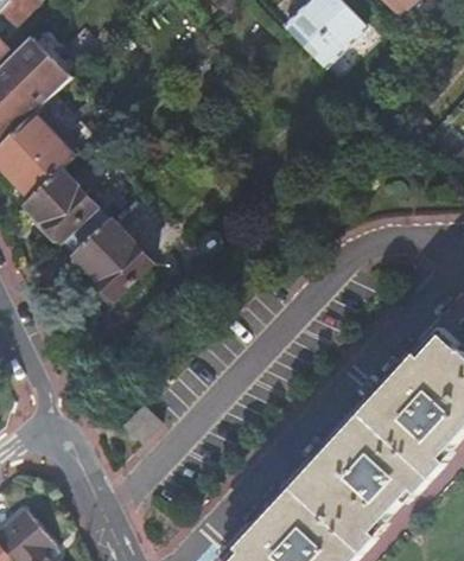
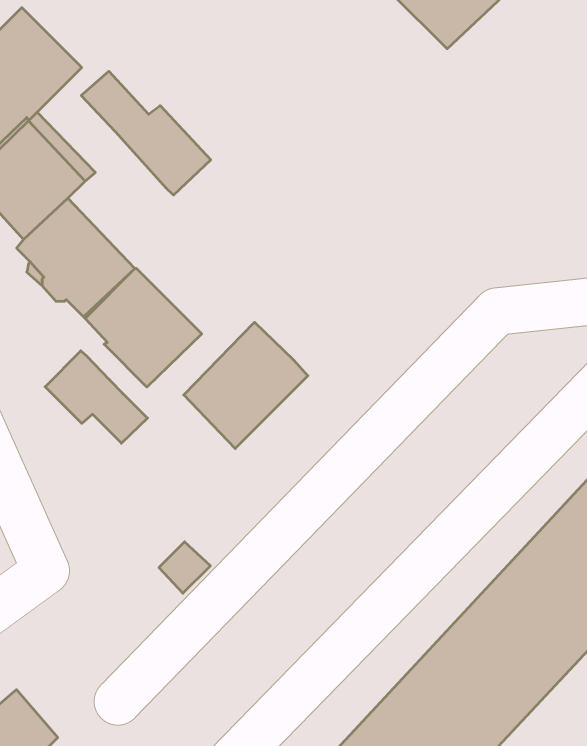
building: none -> [81,71,211,195]
building: none -> [184,322,308,449]
building: none -> [45,351,148,443]

